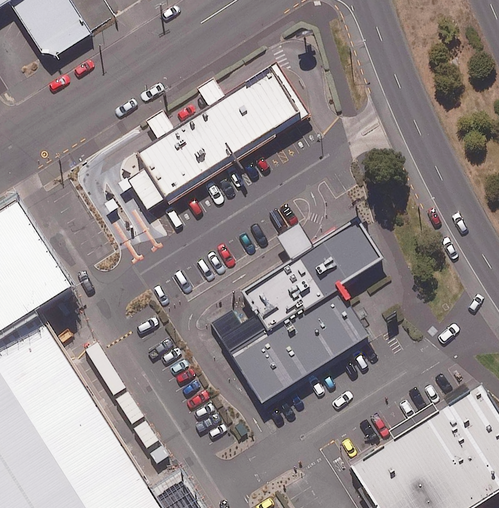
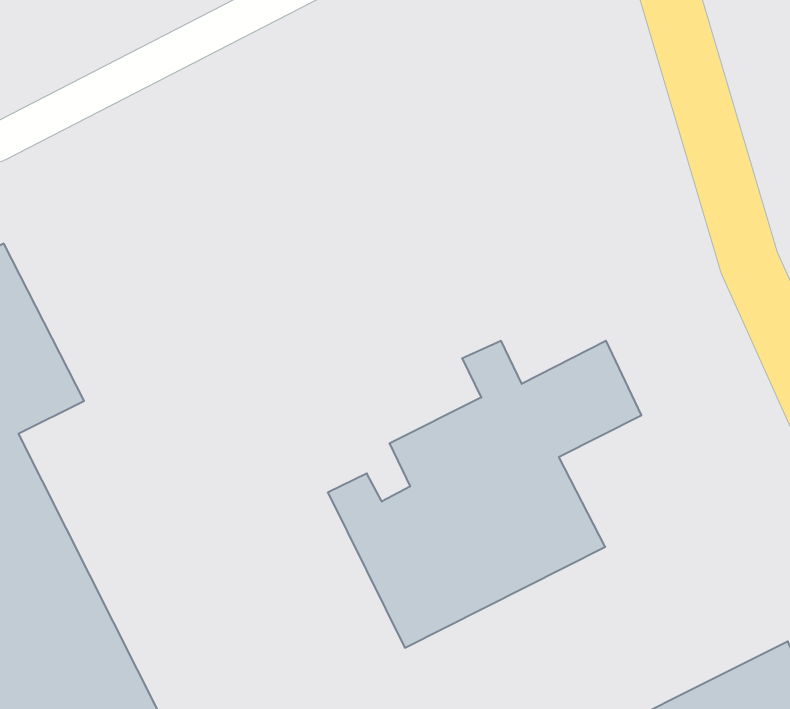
building: [124,62,308,210] -> none

